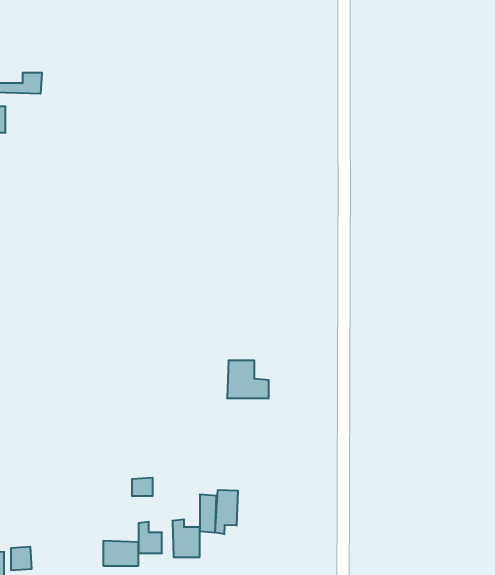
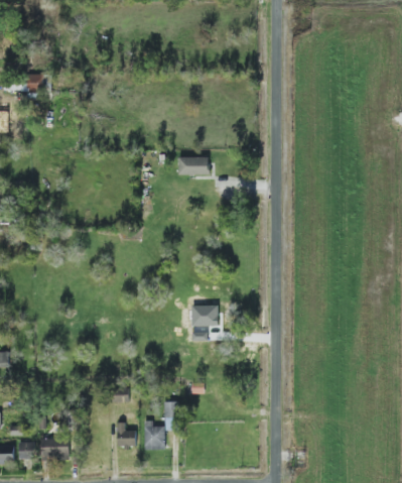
building: none -> [178,157,209,175]
building: [215,490,238,534] -> none
building: [103,541,138,566] -> [41,439,69,458]

